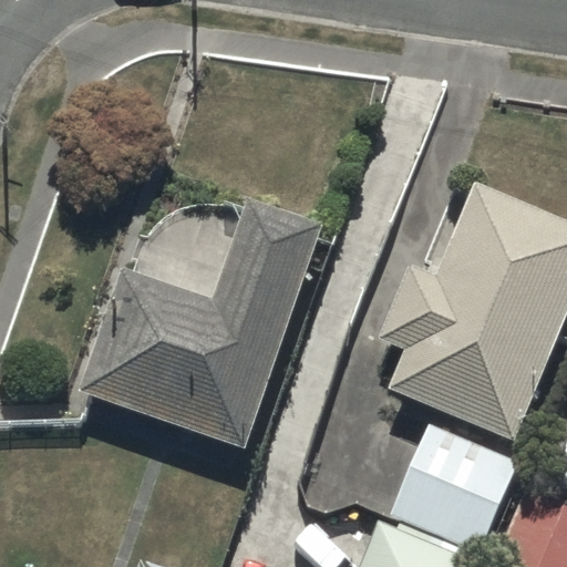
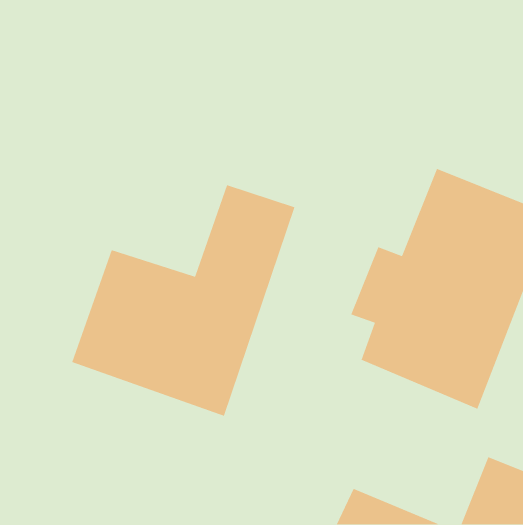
building: [391,423,519,553] -> none

